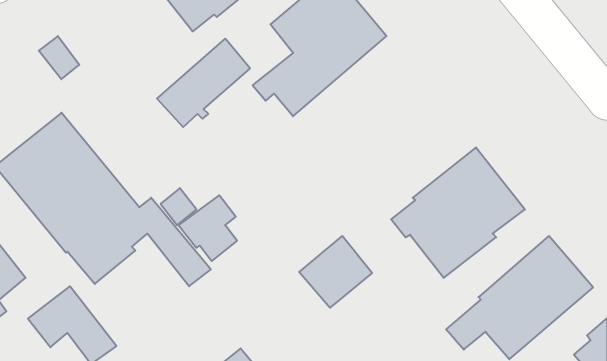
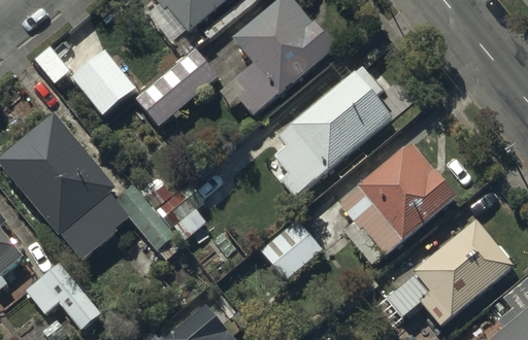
building: none -> [70,48,135,115]
building: none -> [272,70,393,196]

